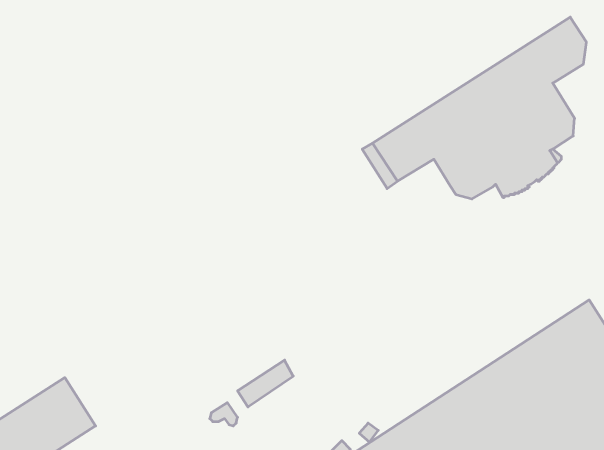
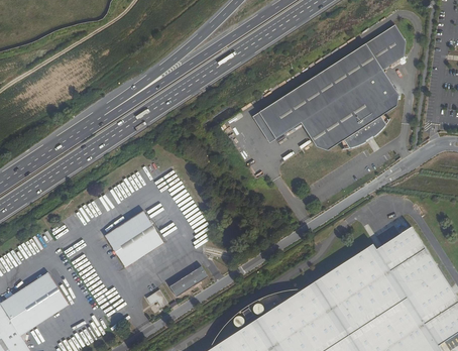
building: none -> [105,210,165,268]

